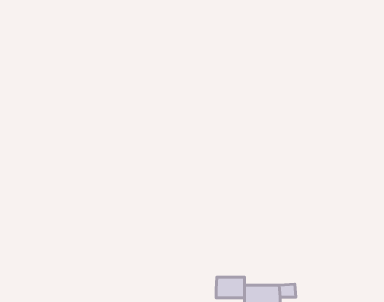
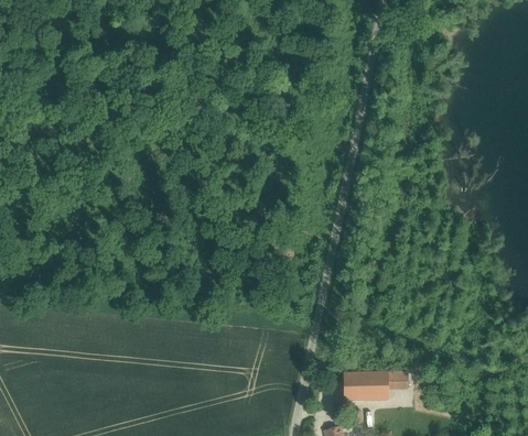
building: [216,277,244,298] -> none

